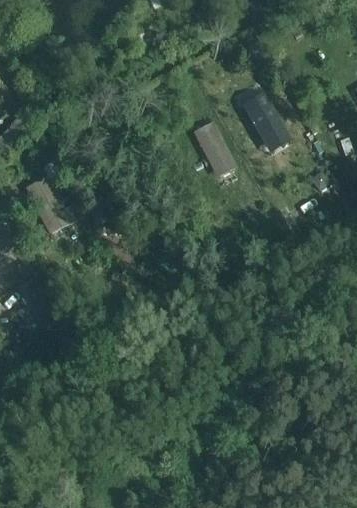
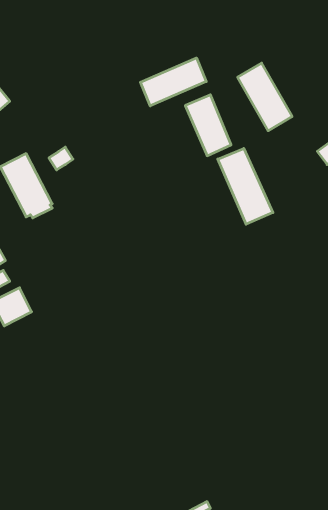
building: none -> [140,58,206,106]
building: none -> [218,148,273,224]

